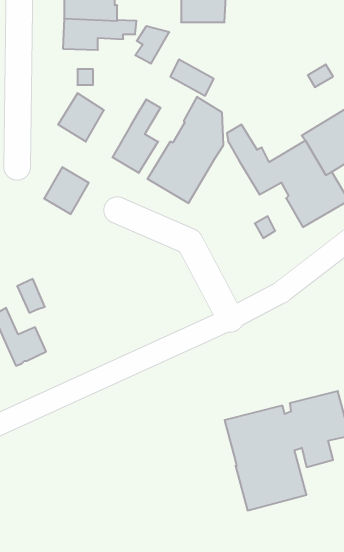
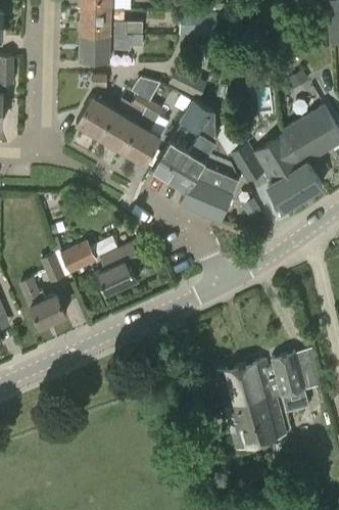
building: [135,26,169,64] -> [131,80,159,111]
building: none -> [181,151,238,219]
building: [44,167,89,214] -> [99,110,137,150]
building: none -> [60,241,97,274]
building: none -> [96,244,139,295]

